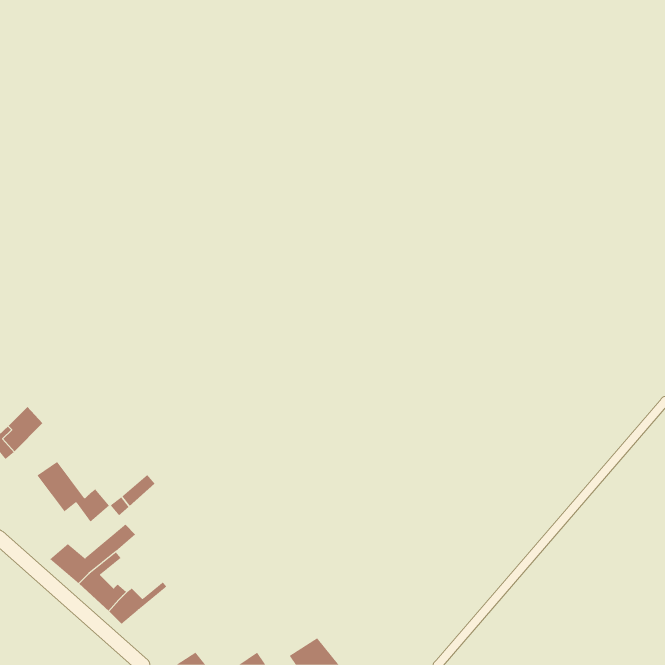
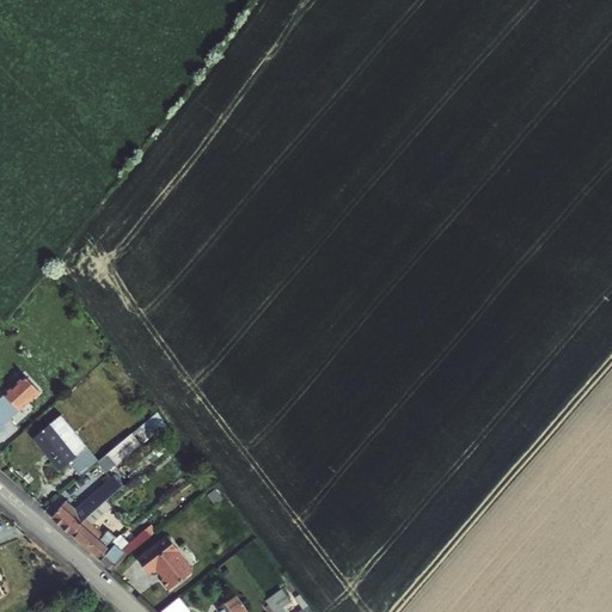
building: none -> [136,538,188,590]

